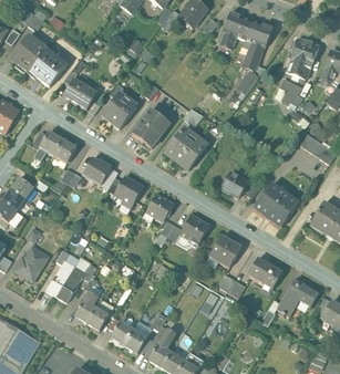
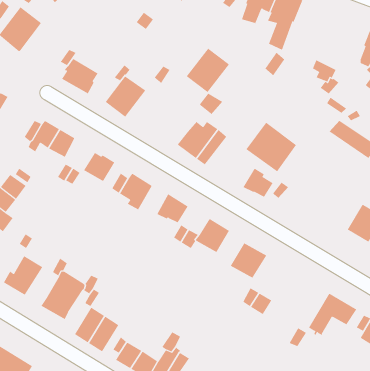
building: [286,38,319,79] -> none
building: [30,48,68,86] -> none
building: [133,108,171,147] -> [186,48,230,93]
building: [254,184,298,227] -> [245,122,297,172]
building: [248,257,282,289] -> none

